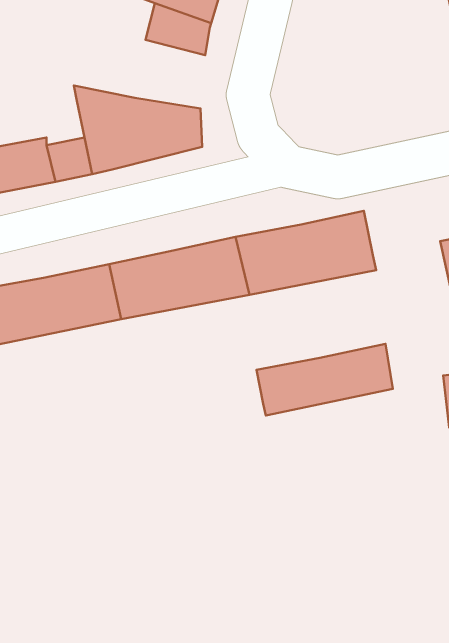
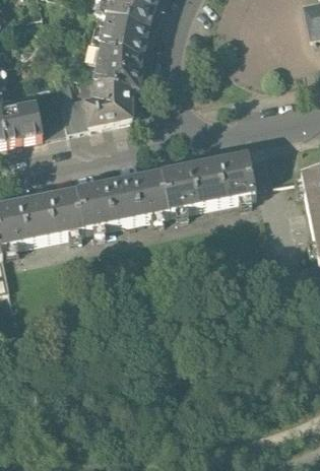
building: none -> [97,38,143,83]
building: [257,344,393,416] -> none

